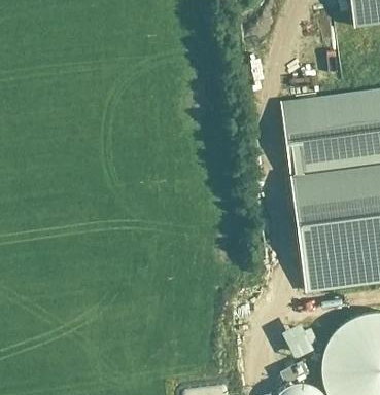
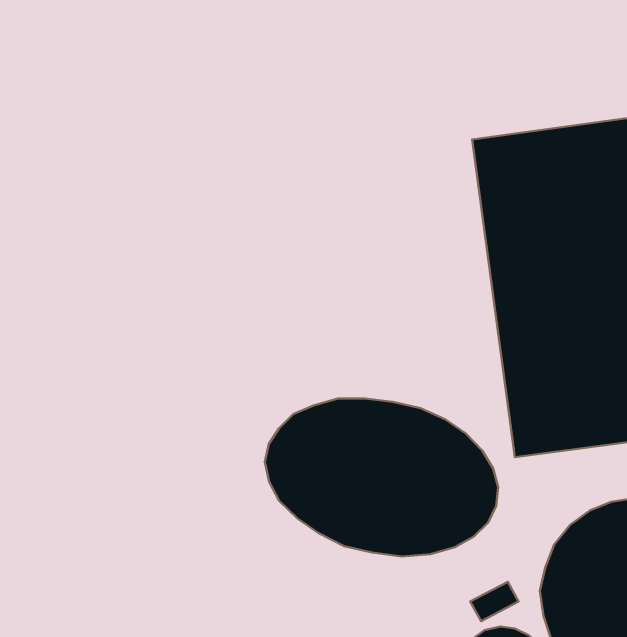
building: none -> [265,398,498,557]

